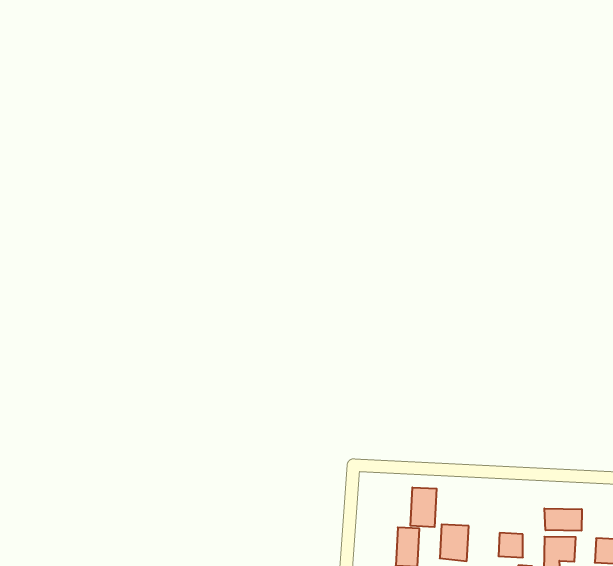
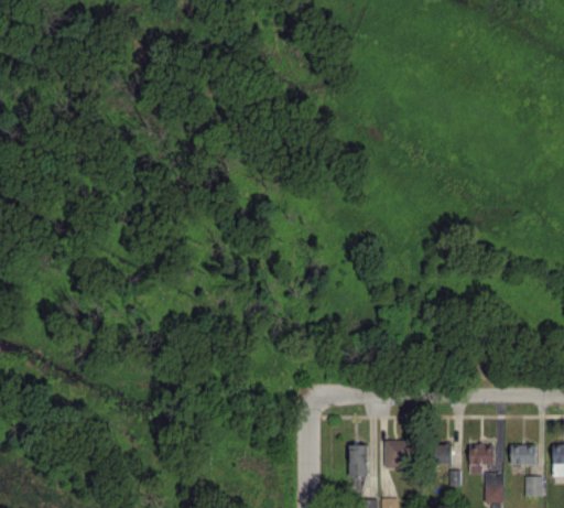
building: [410,487,437,527] -> none
building: [544,508,582,531] -> none

